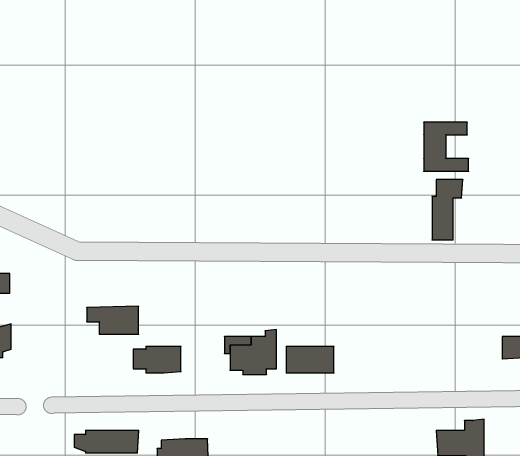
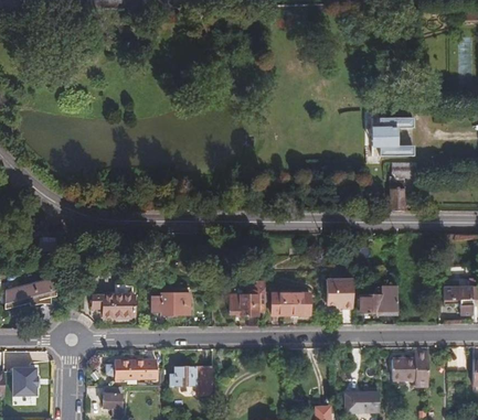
building: [87,306,139,334] -> [93,294,134,316]
building: none -> [327,278,353,308]
building: none -> [359,287,397,314]

